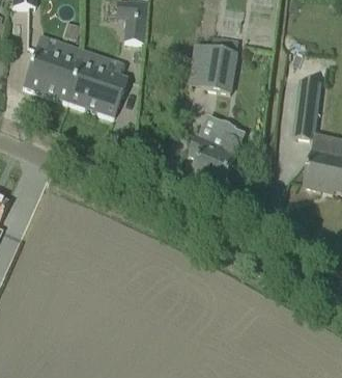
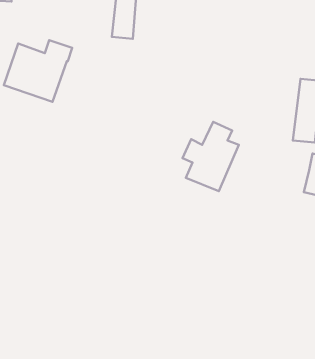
building: [190,45,237,92] -> none
building: [67,62,126,117] -> none

